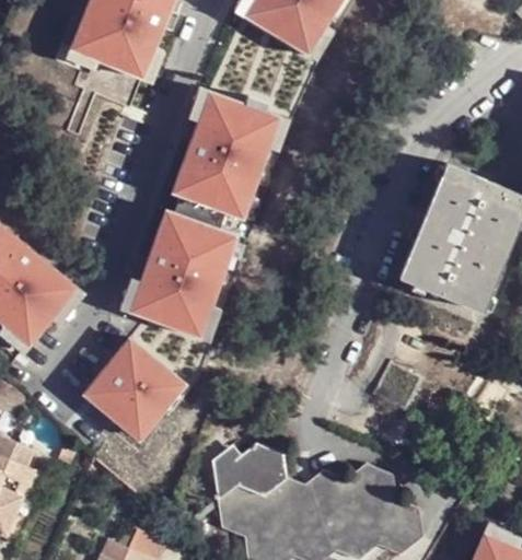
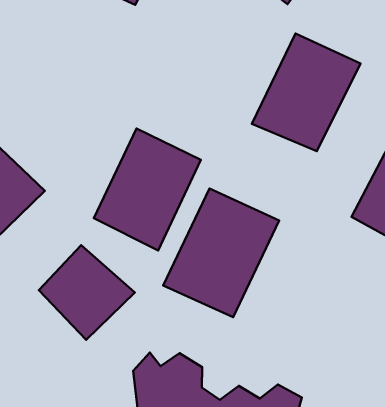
building: [173,90,281,213] -> [252,33,360,151]
building: none -> [163,188,279,317]

